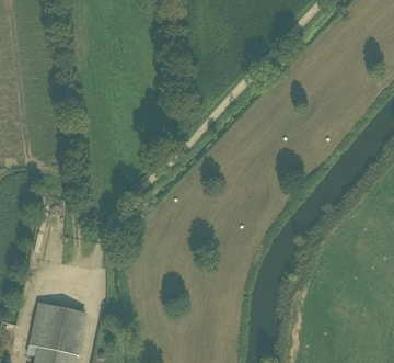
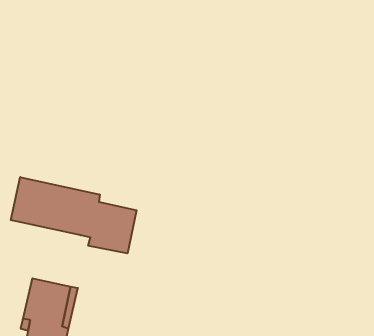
building: none -> [11,177,137,253]

